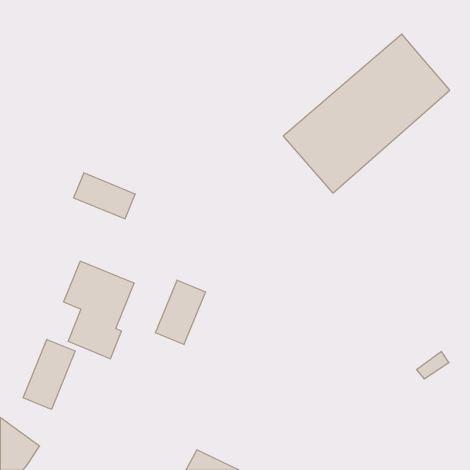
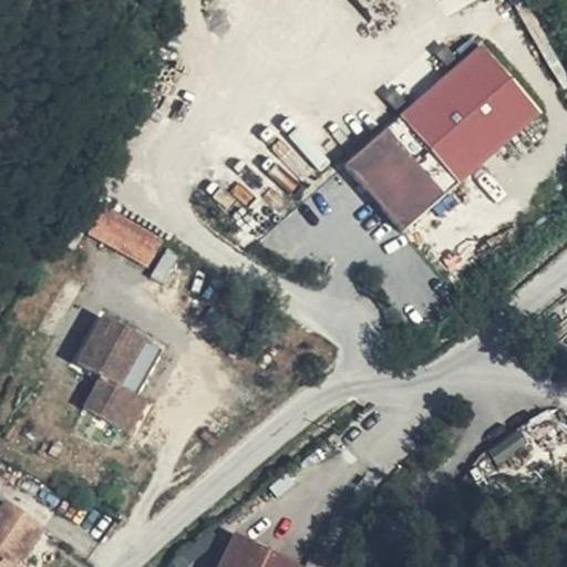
building: [156,280,205,345] -> none
building: [23,339,75,409] -> none

